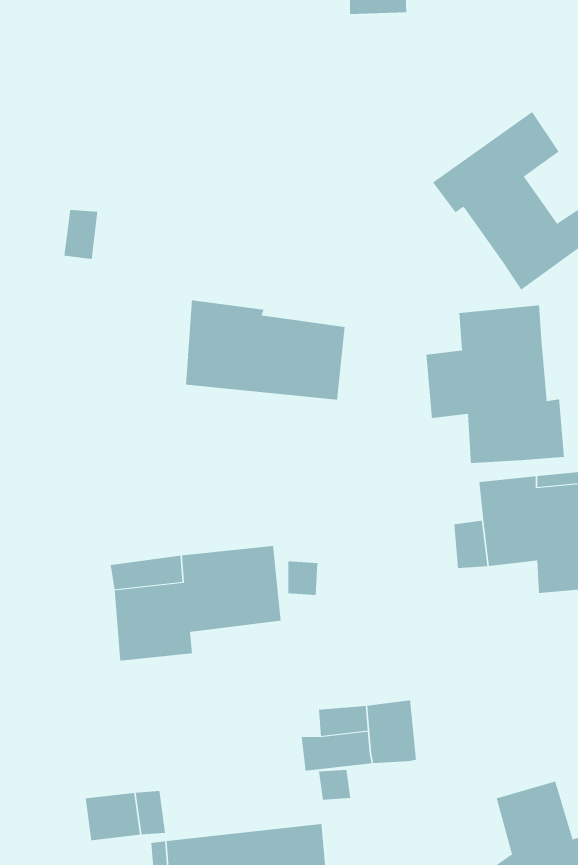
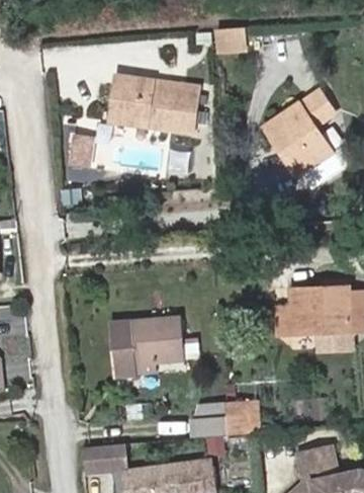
building: [185,300,345,400] -> [111,77,195,130]
building: [426,304,564,464] -> none

